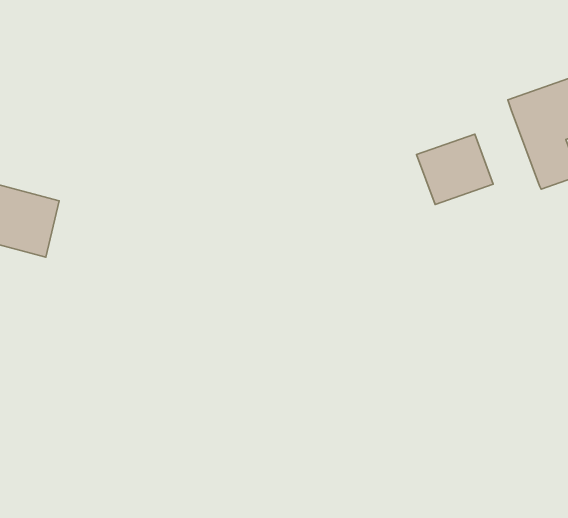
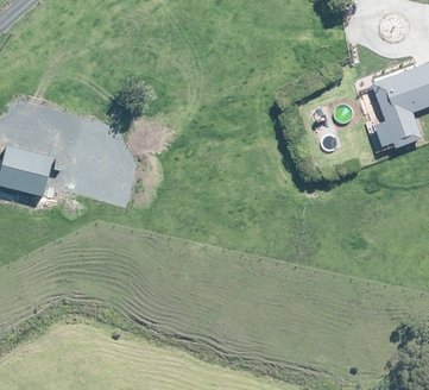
building: [417,134,493,204] -> none

